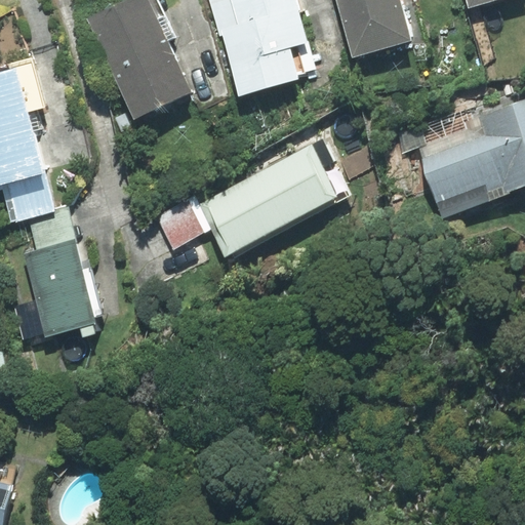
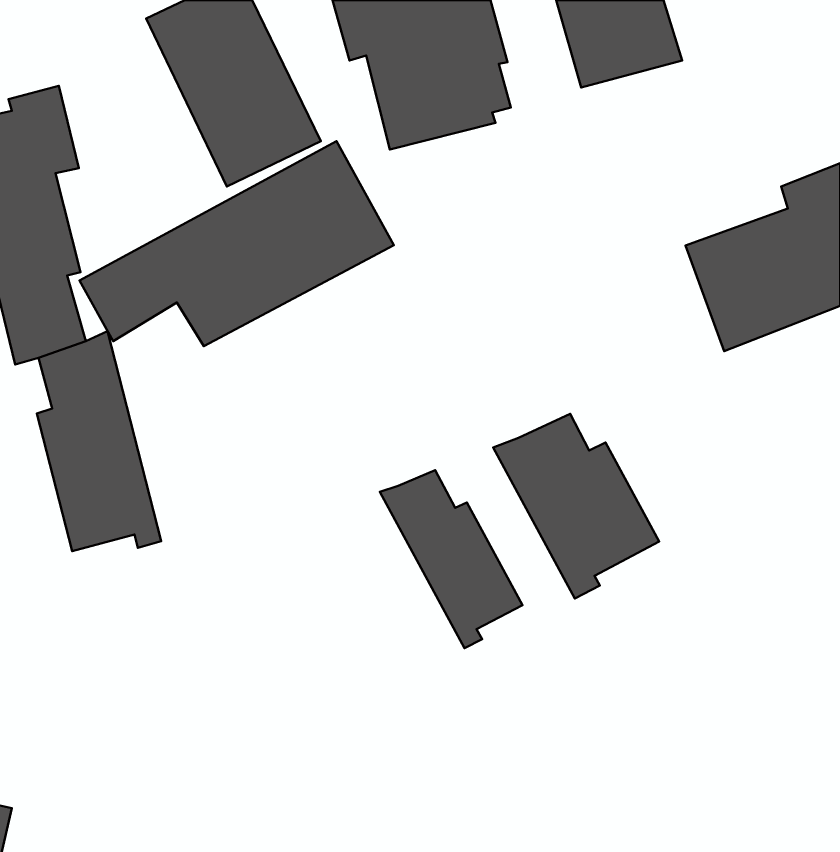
building: [148,131,339,256] -> [80,141,394,346]
building: none -> [493,414,659,598]
building: none -> [380,470,523,648]

